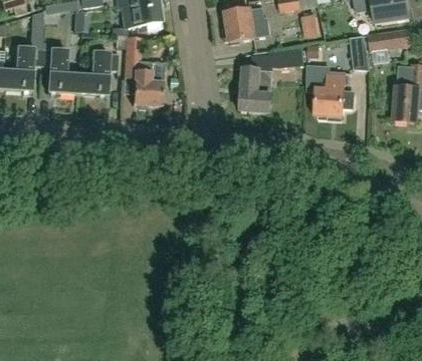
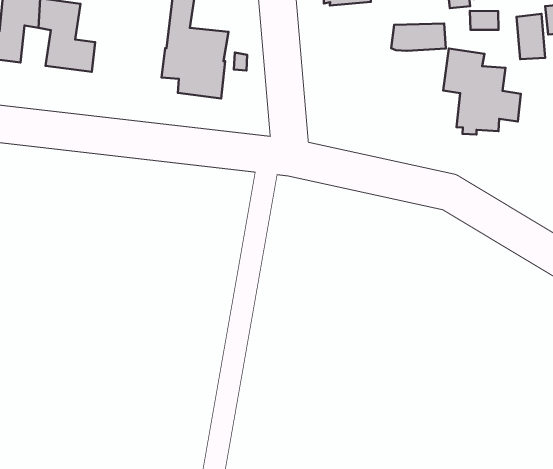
building: [77,51,118,94] -> none
building: [239,67,272,112] -> none

